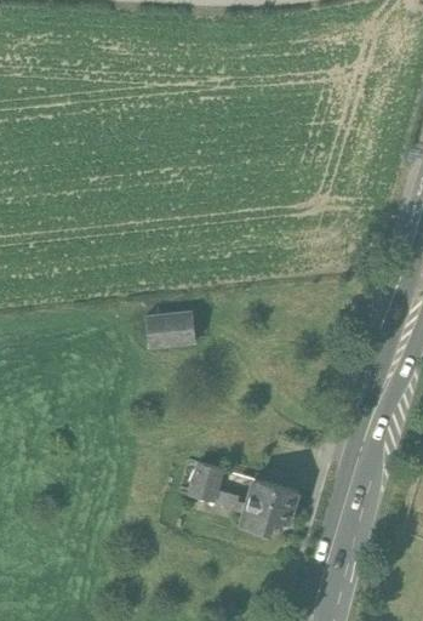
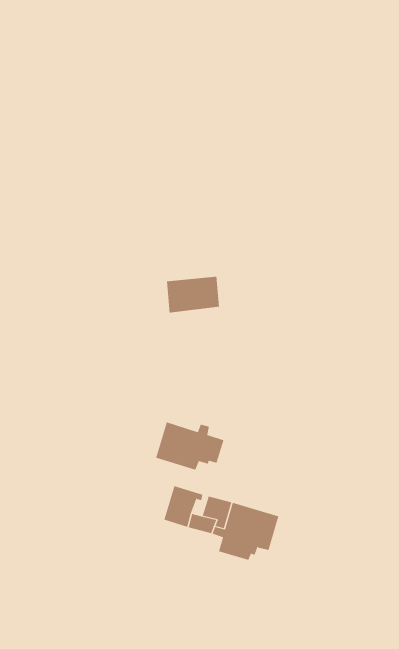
building: [145,313,196,348] -> [166,276,220,313]
building: none -> [155,422,224,470]

